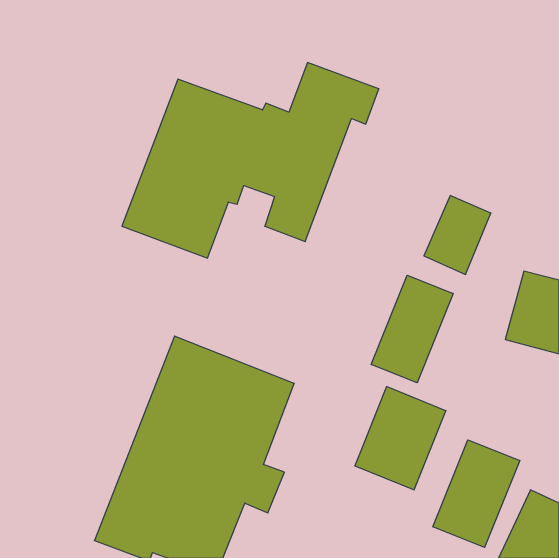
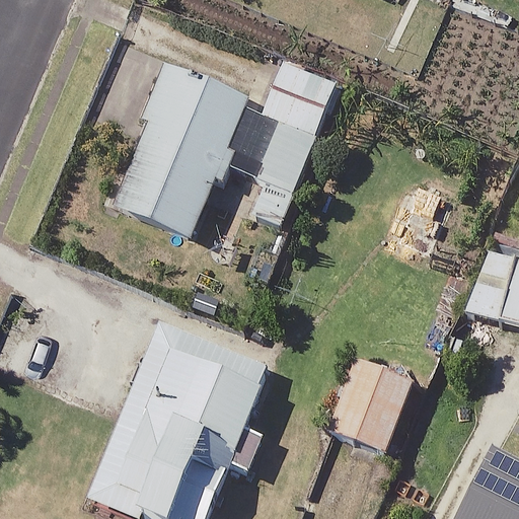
building: [371,275,453,383] -> none
building: [433,440,520,547] -> none

